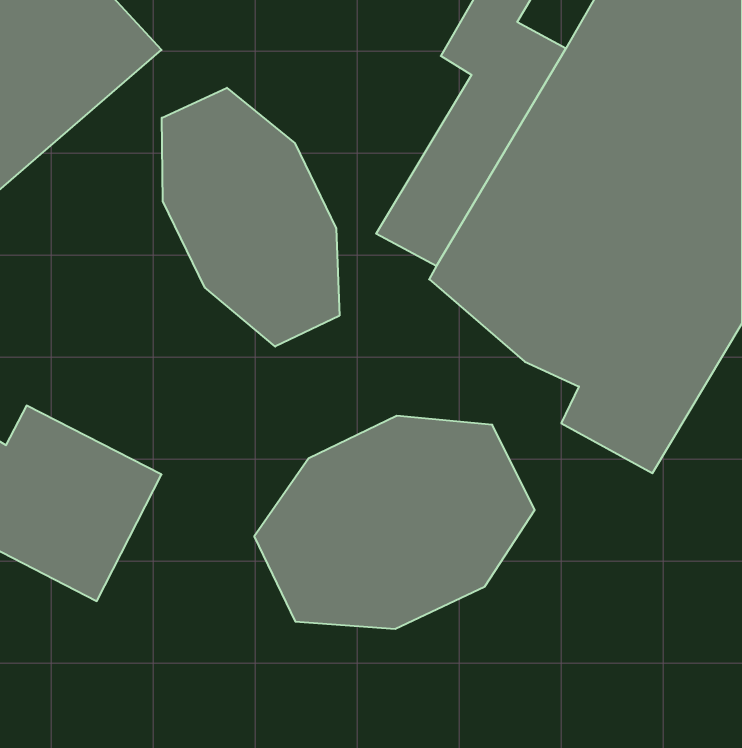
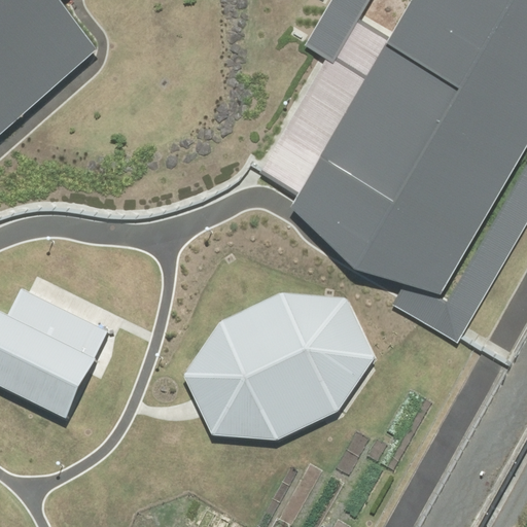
building: [162,88,339,347] -> none

